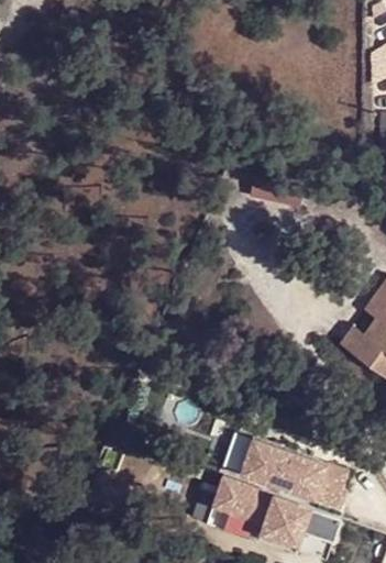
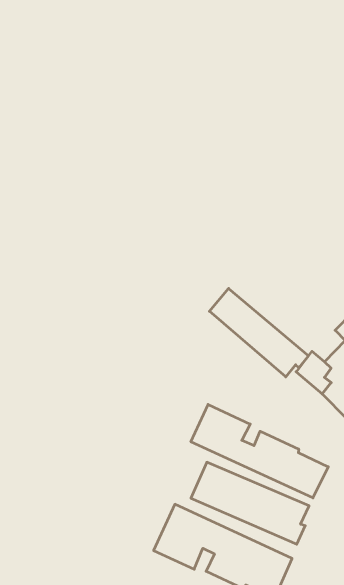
building: none -> [209,288,308,377]
building: none -> [191,404,328,498]

